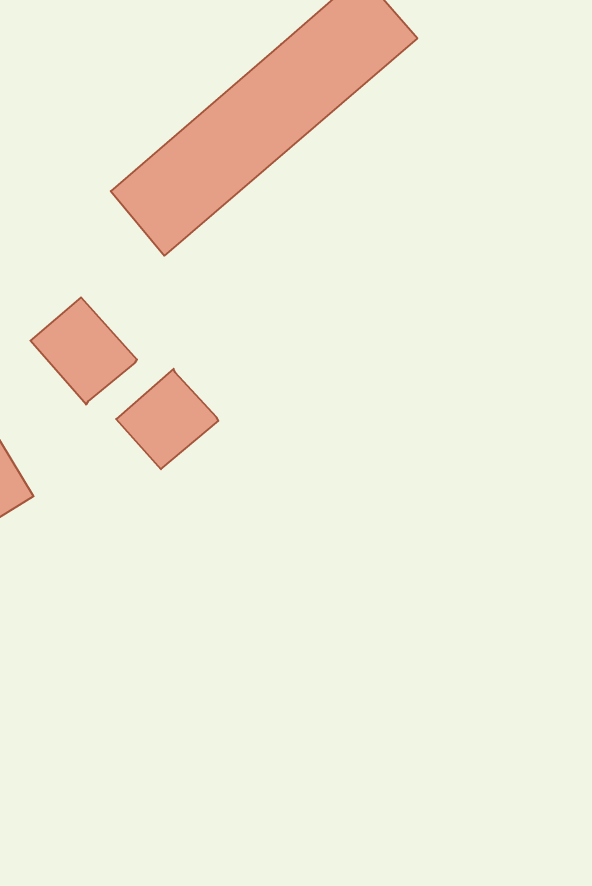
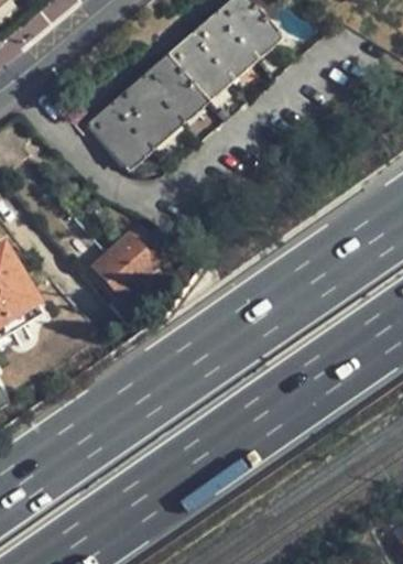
building: [30,297,137,405] -> none

